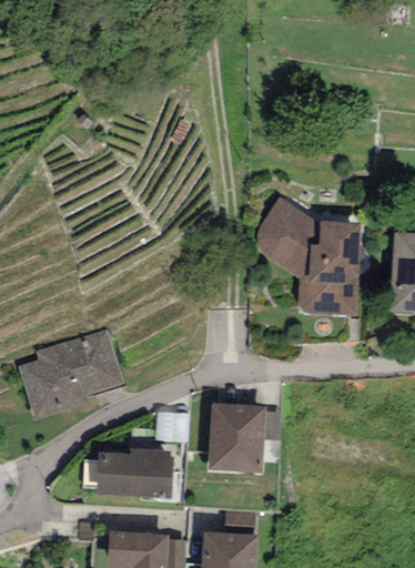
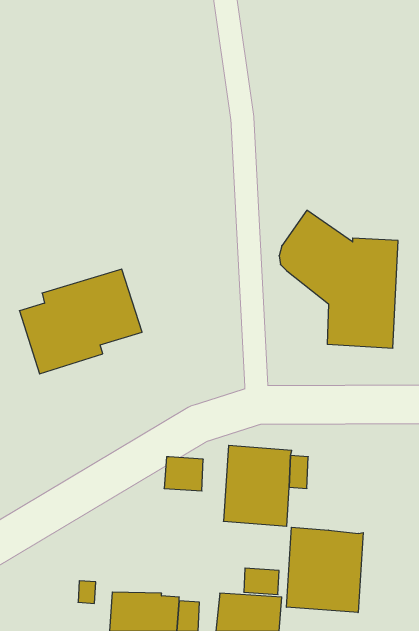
building: [18,329,125,422] -> [19,269,142,374]
building: [97,449,174,499] -> none
building: none -> [286,527,363,613]

